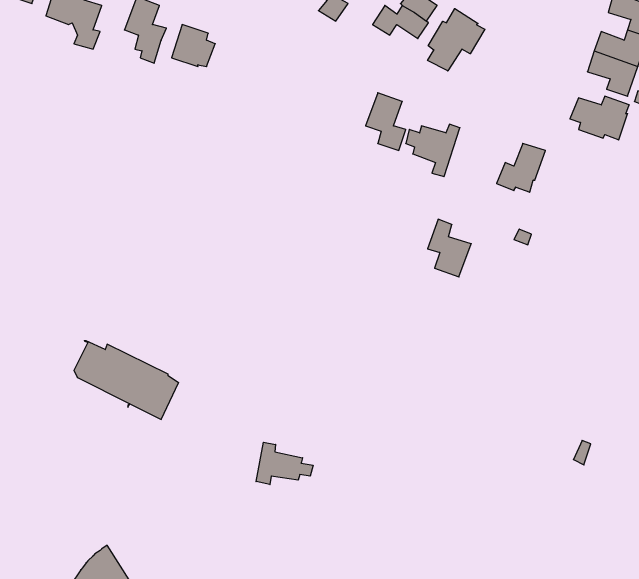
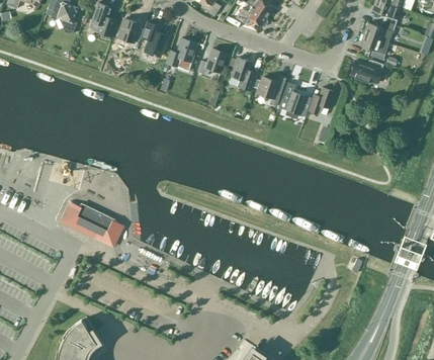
building: [428,9,485,71] -> none
building: none -> [143,22,168,57]
building: none -> [167,37,198,67]
building: none -> [198,49,228,76]
building: [428,219,471,277] -> [282,82,308,115]
building: [256,442,313,485] -> none

